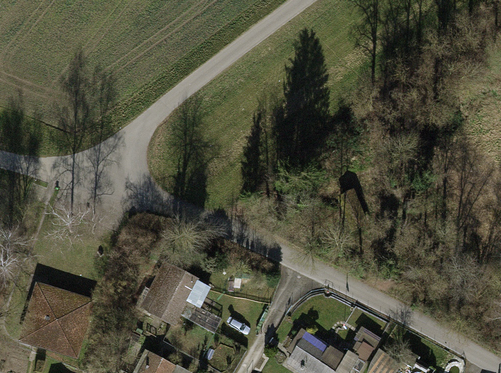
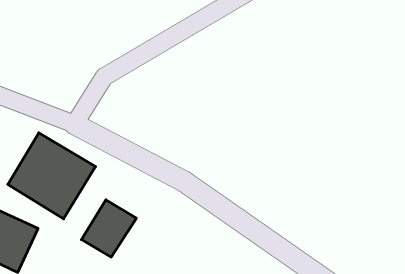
building: none -> [8,133,96,219]

